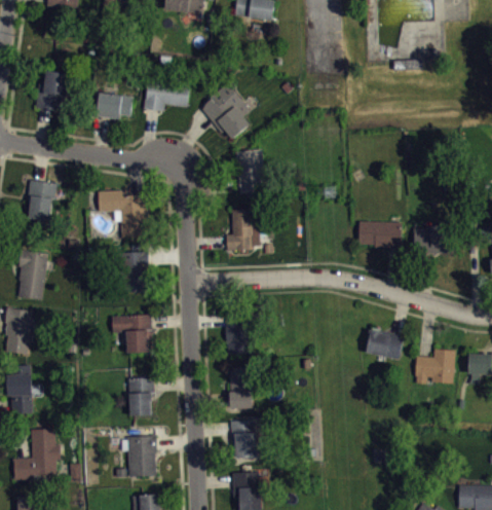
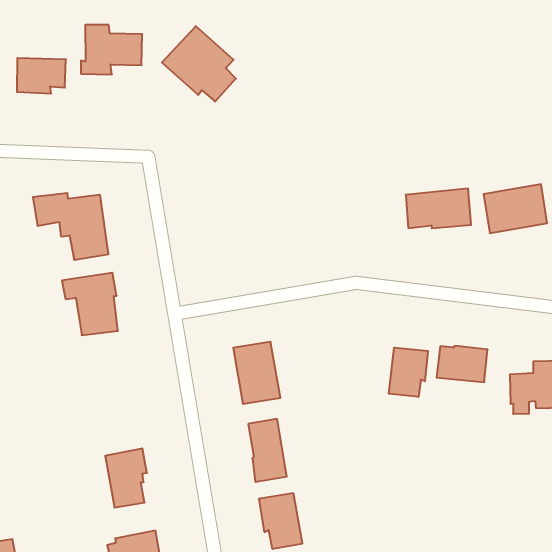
building: [234,149,267,197] -> none
building: [226,209,260,250] -> none
building: [112,315,152,354] -> none
building: none -> [389,348,428,397]

